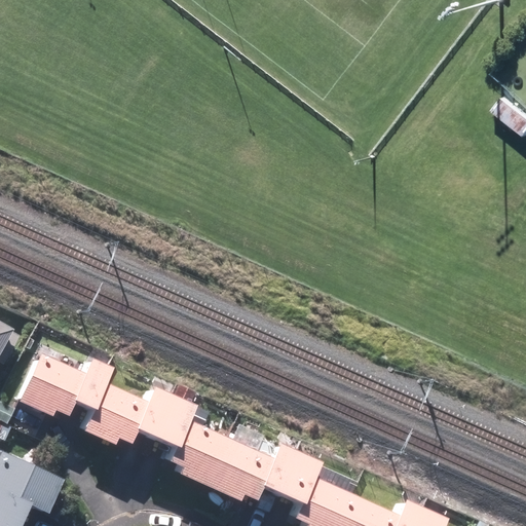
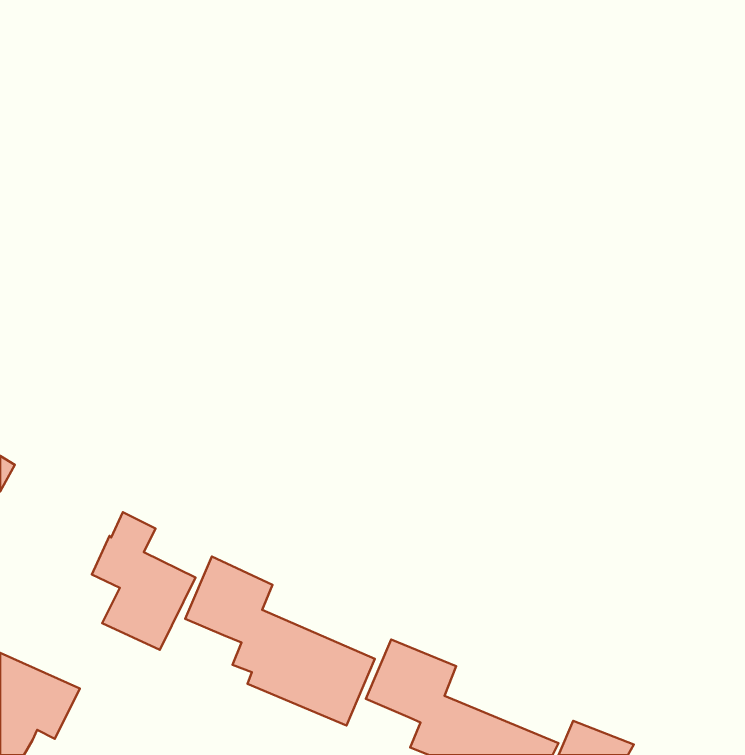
building: [15,350,84,423] -> none

